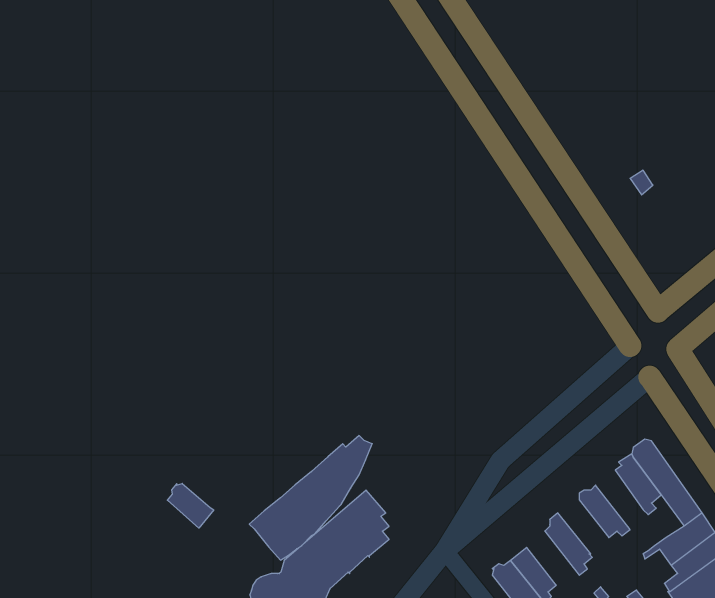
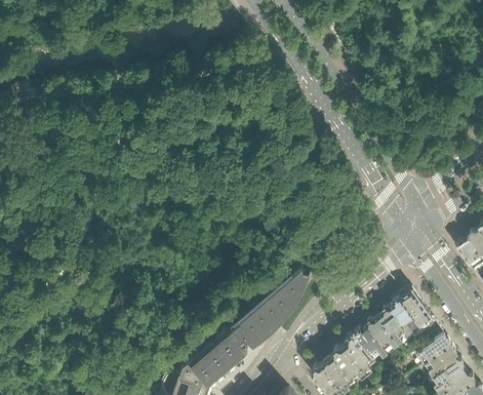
building: [249,436,372,560] -> [234,265,311,343]
building: none -> [377,308,407,345]
building: [167,483,214,528] -> none
building: none -> [354,326,388,360]
building: none -> [333,346,367,380]

